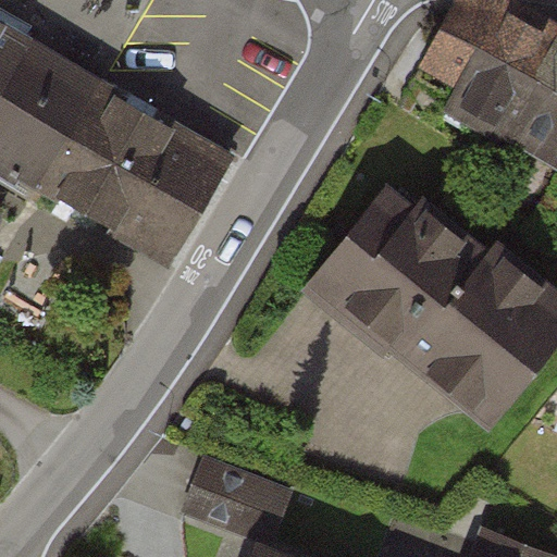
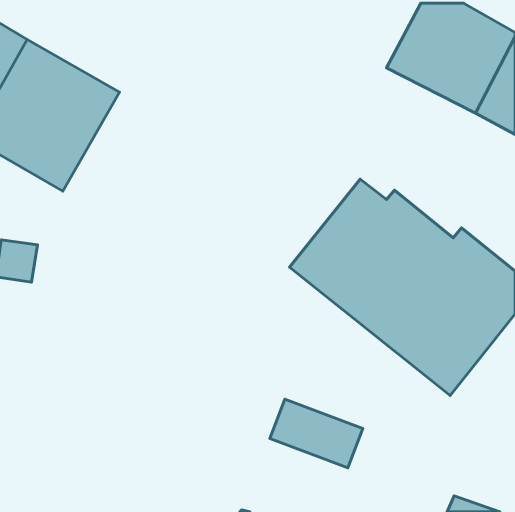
building: [67,99,233,265] -> none
building: [187,459,287,533] -> [270,399,363,468]

